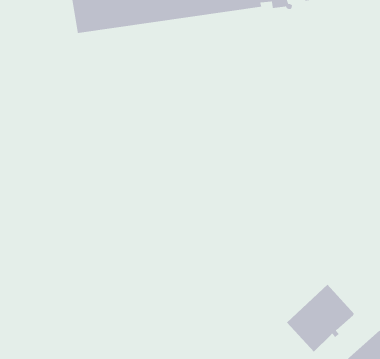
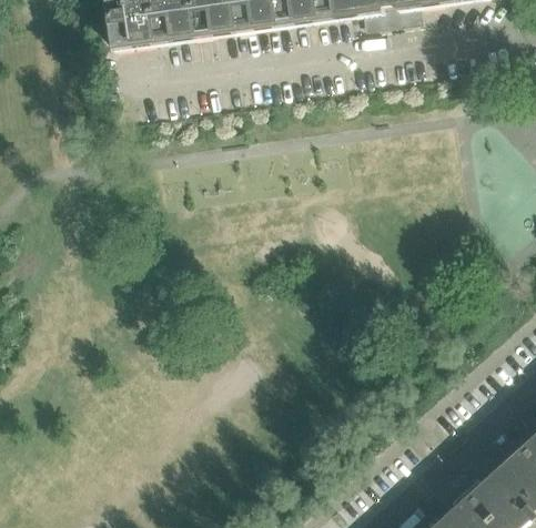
building: [286,284,355,352] -> none

